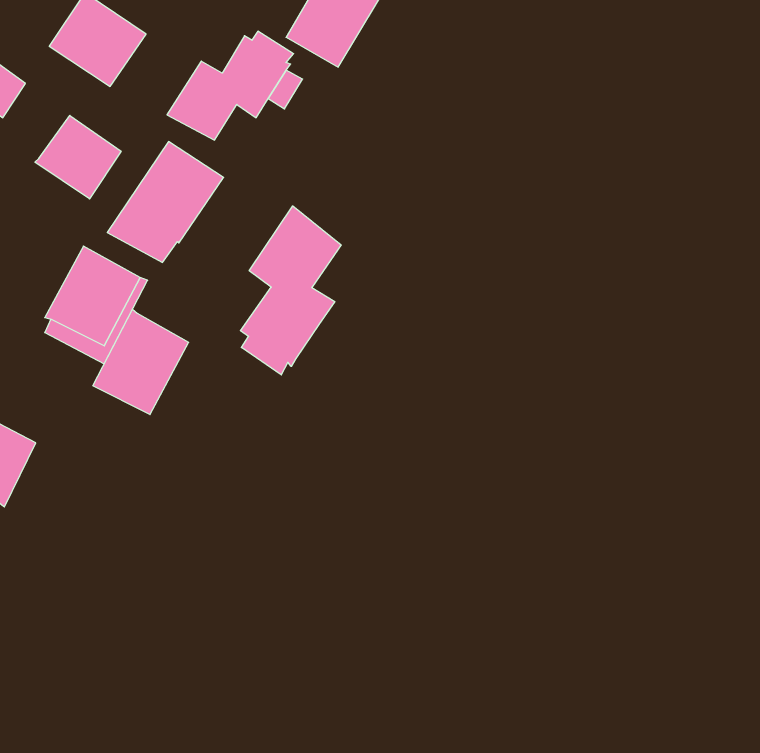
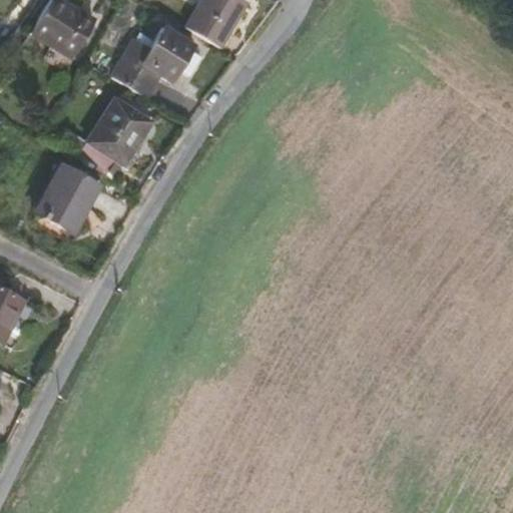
building: [35,115,121,199] -> none
building: [240,206,341,375] -> none
building: [93,309,189,415] -> none

